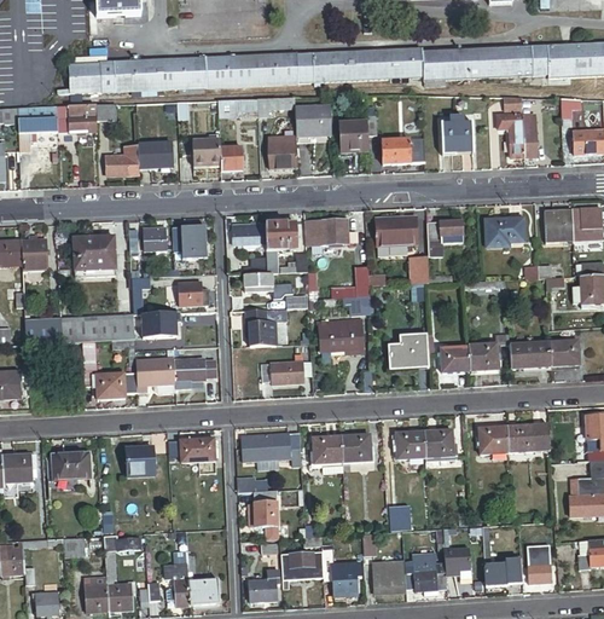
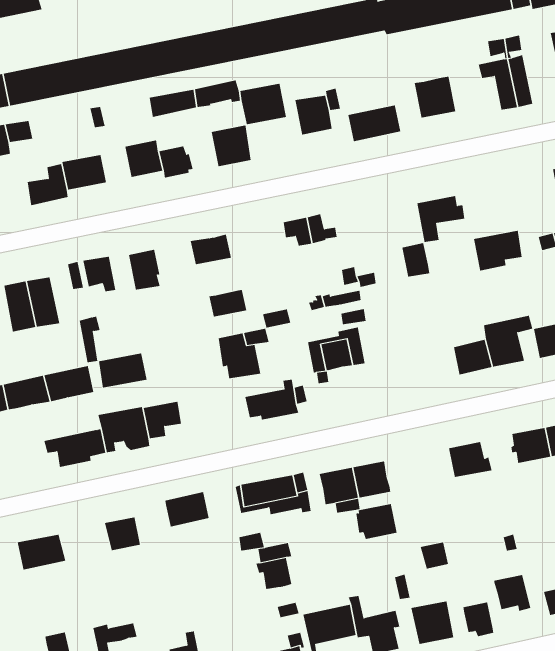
building: [376,216,417,245] -> none
building: [487,219,525,248] -> [473,230,522,271]
building: [266,222,307,272] -> none
building: [178,282,208,303] -> none
building: [387,331,429,364] -> none
building: [391,430,424,457] -> [355,503,398,539]
building: [403,554,447,585] -> none

